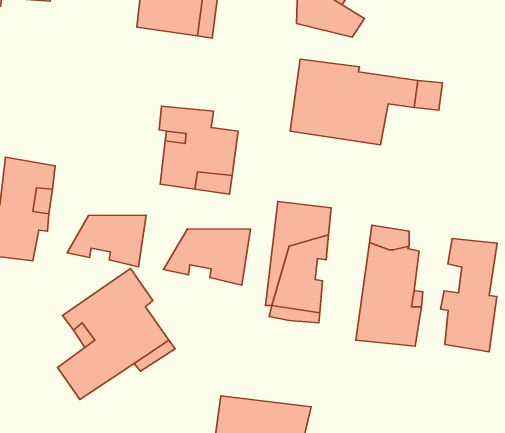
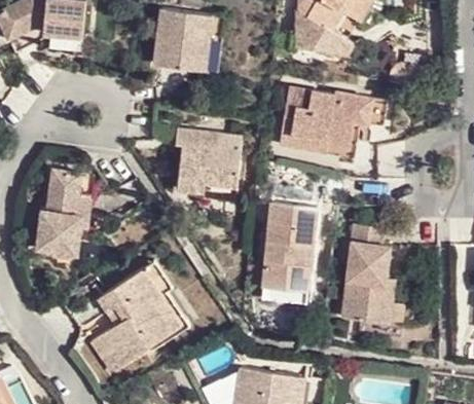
building: [67,215,146,267] -> none
building: [164,229,250,285] -> none
building: [440,239,497,352] -> none

